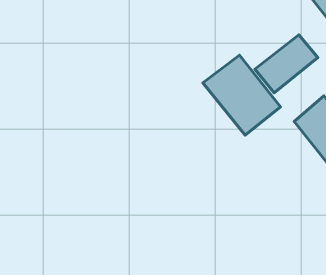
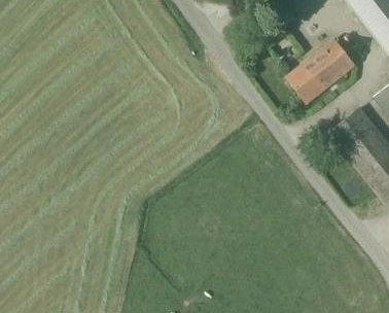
building: [203,55,280,135] -> none

